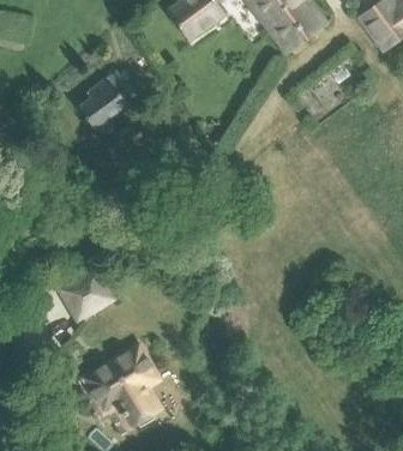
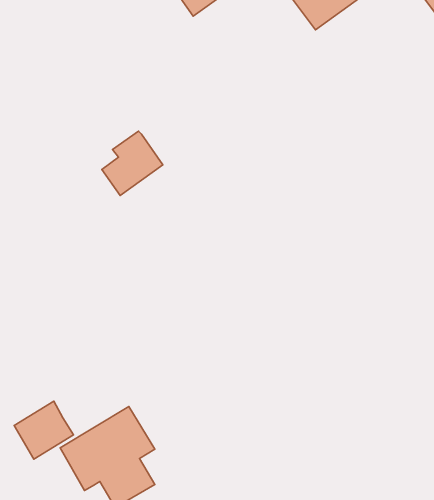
building: [78,78,126,128] -> [102,131,163,195]
building: [62,271,109,317] -> [14,401,74,459]

